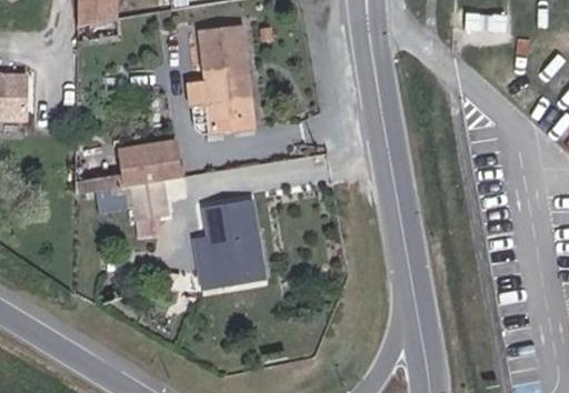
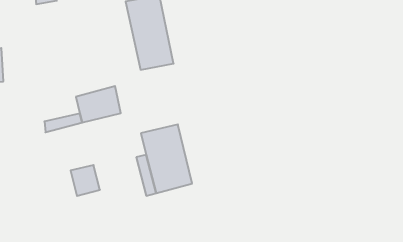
building: [131,181,168,220] -> [71,165,100,196]

